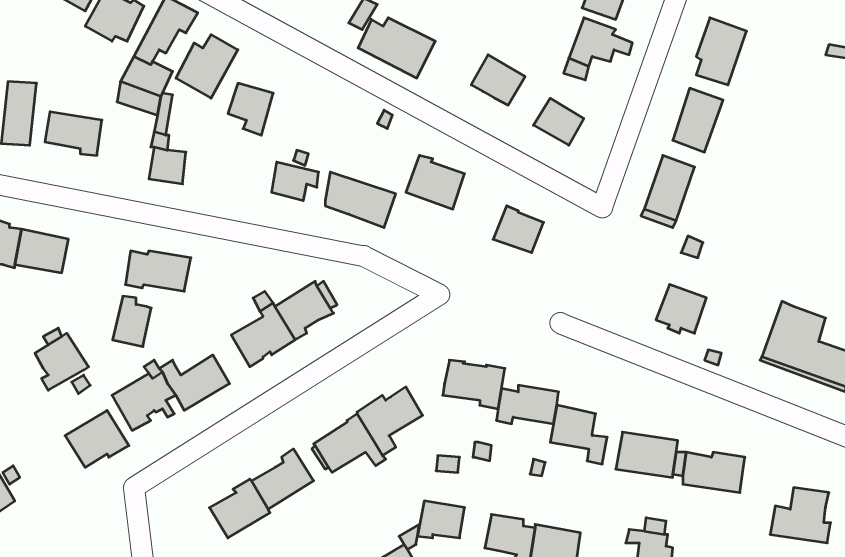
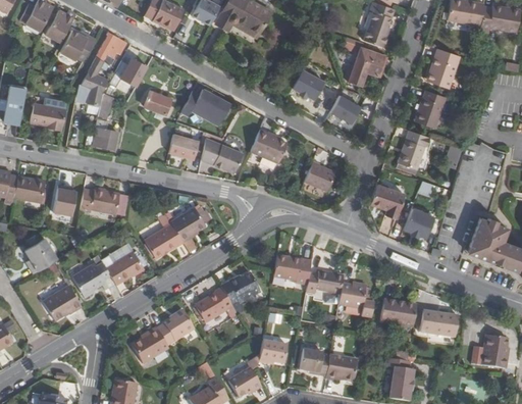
building: [358,18,435,78] -> [181,89,228,125]
building: none -> [367,183,402,216]
building: [113,296,151,347] -> [53,184,76,214]

